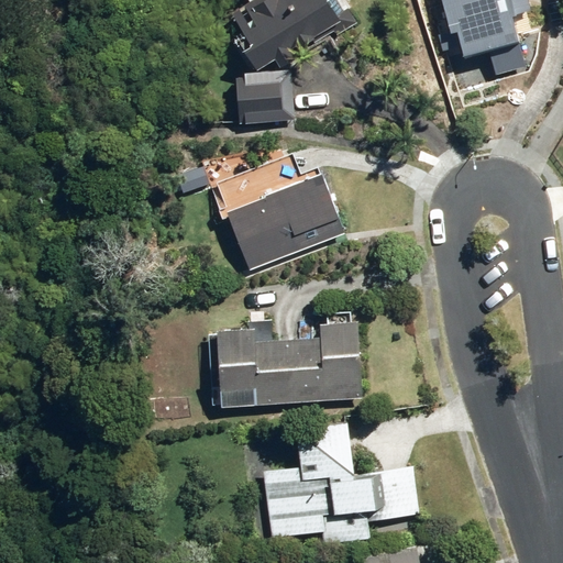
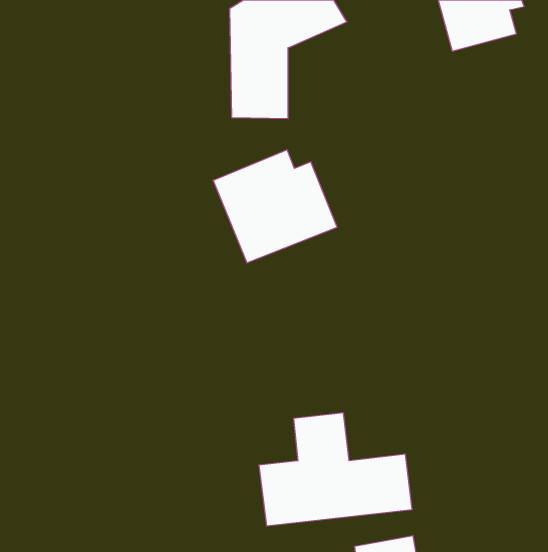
building: [222,320,362,406] -> none

